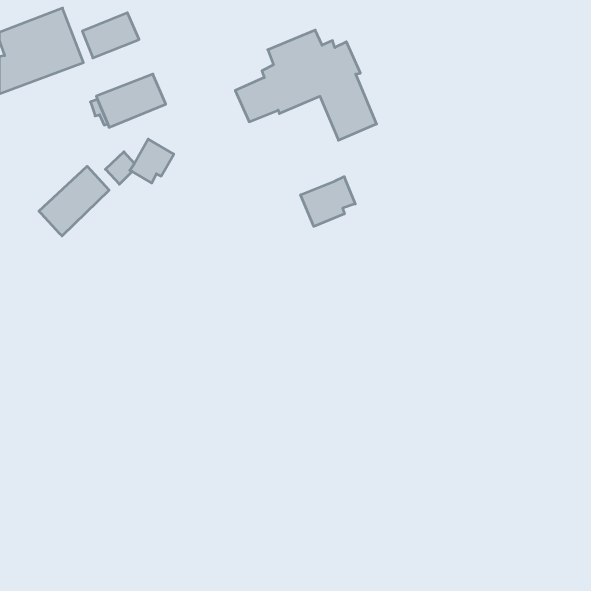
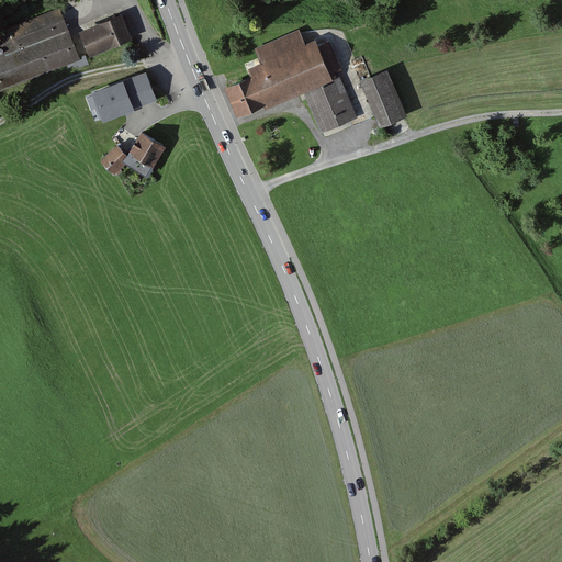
building: none -> [359,69,407,127]
building: [39,166,109,236] -> none
building: [301,177,355,226] -> none

